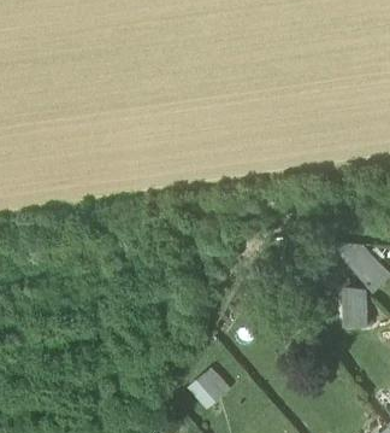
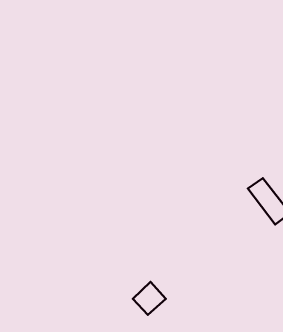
building: [341,288,365,327] -> none

